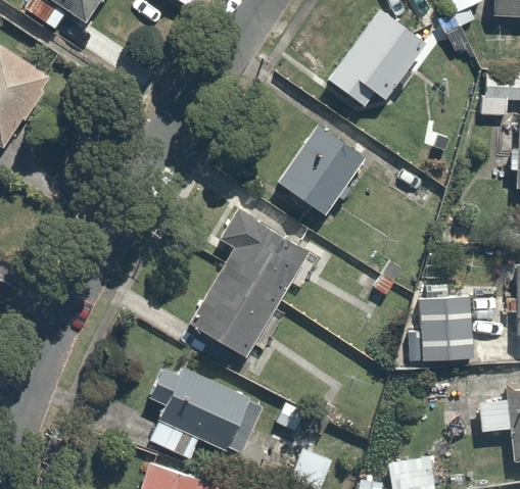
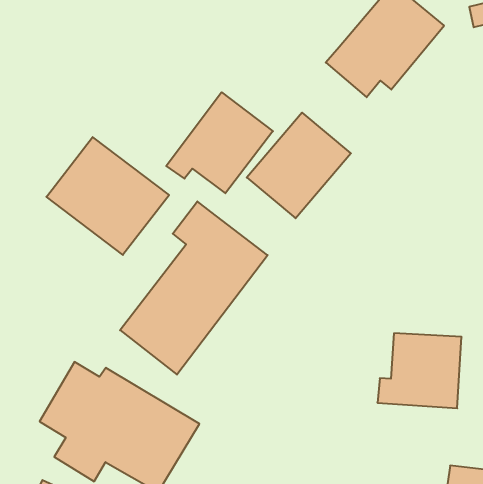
building: none -> [166,92,273,193]
building: none -> [46,137,169,255]

